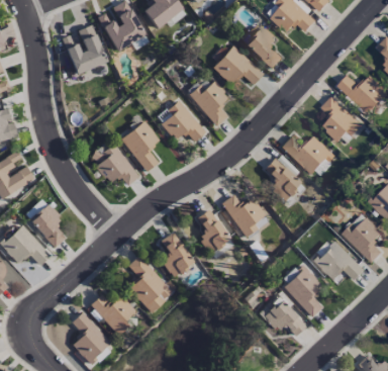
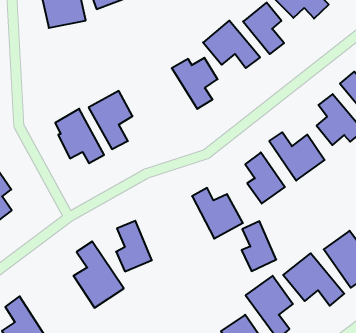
building: [157,100,206,143] -> none
building: [196,208,229,253] -> [242,221,276,271]
building: [90,294,135,335] -> none

